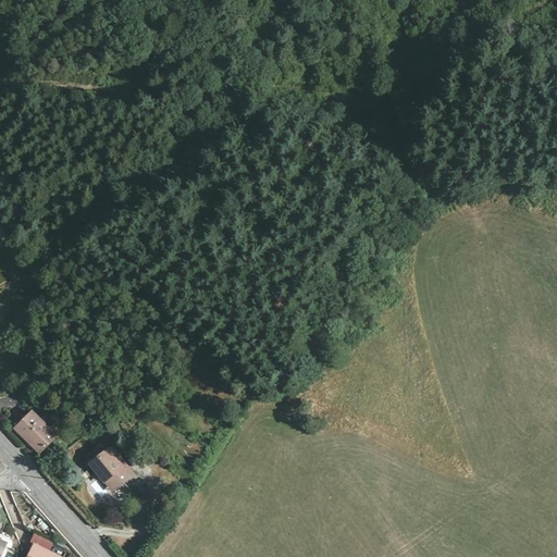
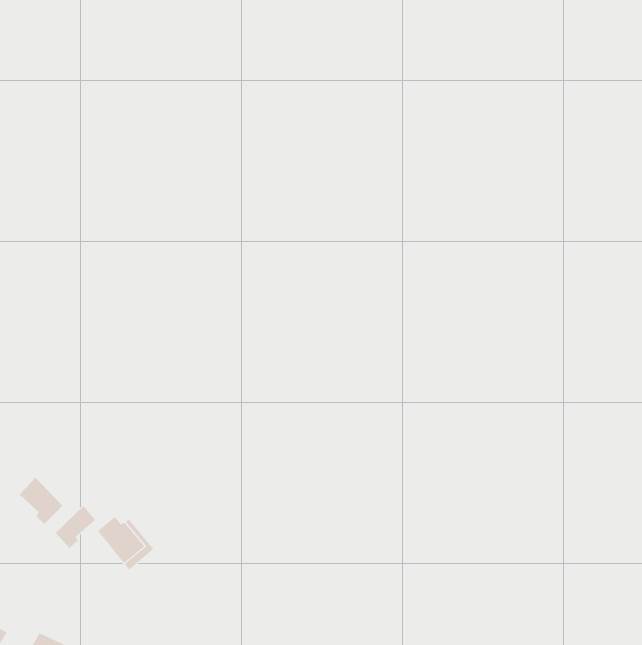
building: none -> [55,505,96,549]

